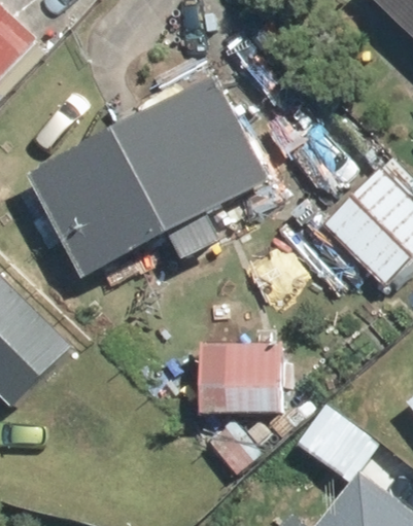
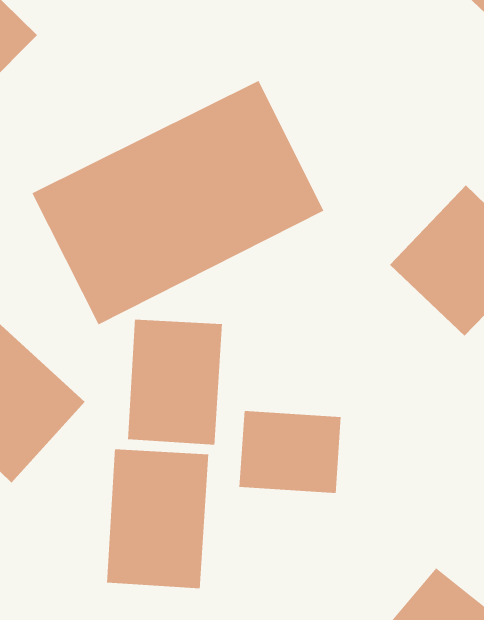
building: none -> [128,319,223,446]
building: none -> [107,449,209,589]

